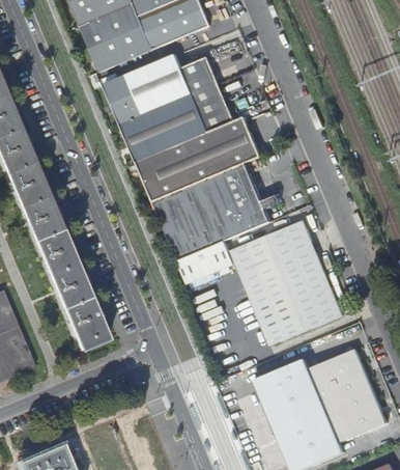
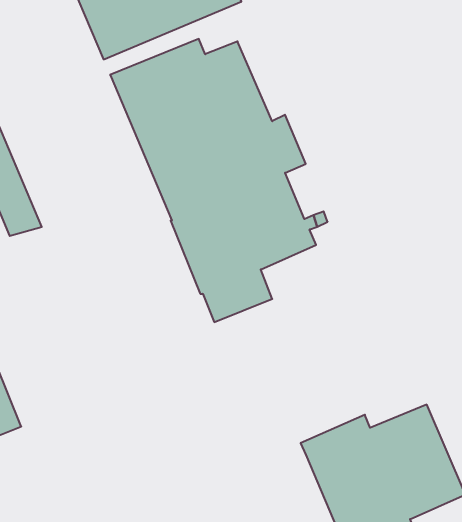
building: [25,205,106,348] -> none
building: [233,219,346,344] -> none

